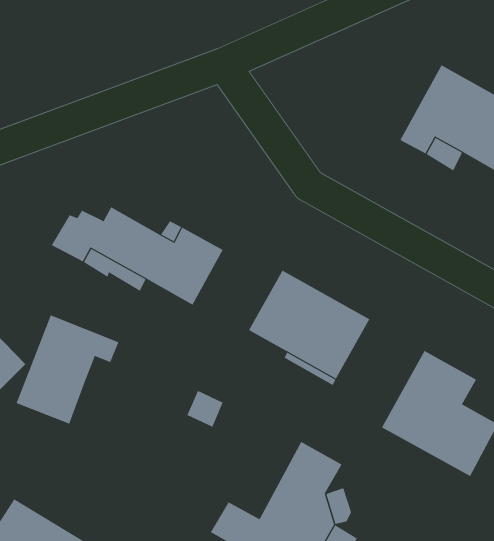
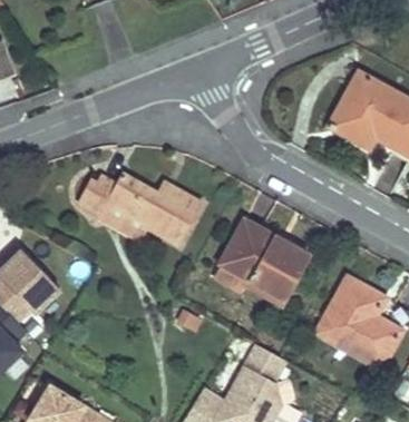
building: [16,315,119,425] -> none

